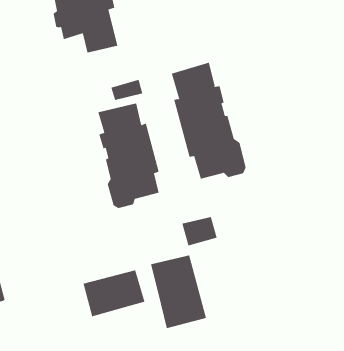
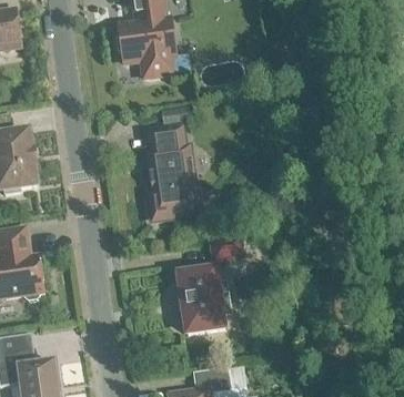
building: [171,62,246,180] -> none
building: [83,270,145,317] -> none

